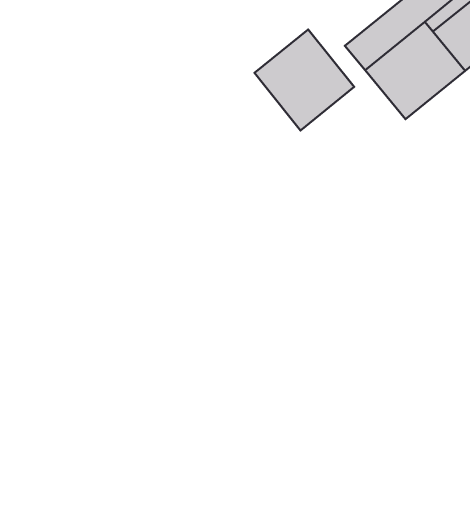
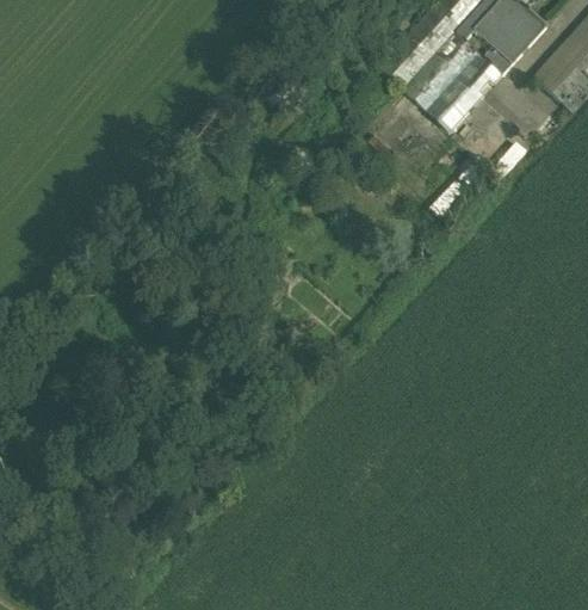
building: [255,29,354,130] -> none

